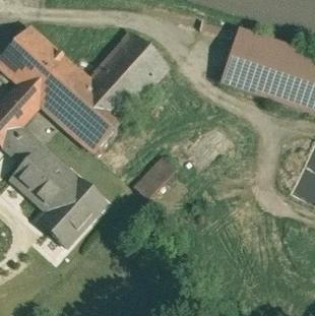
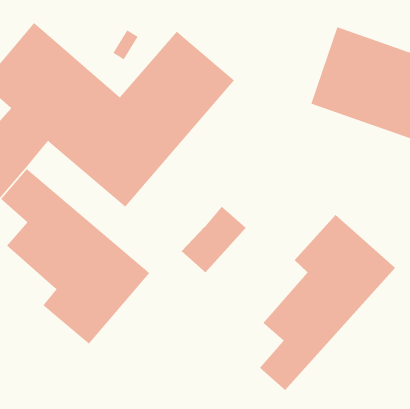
building: none -> [259,214,396,391]

